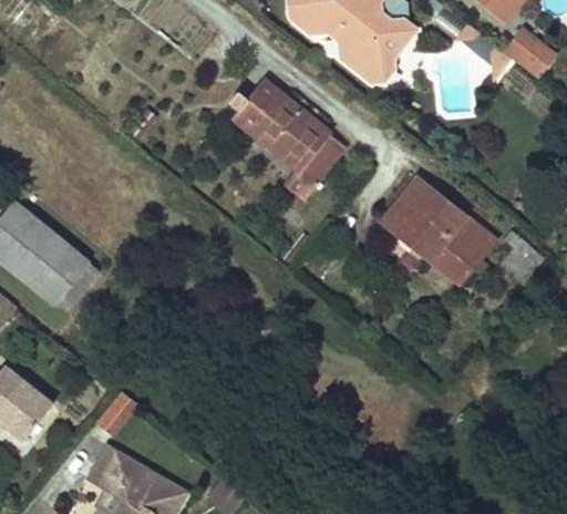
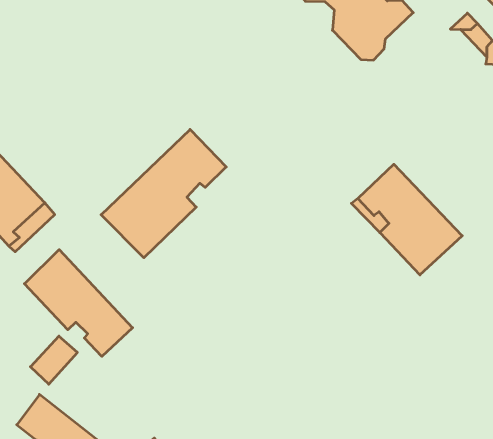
building: [235,81,343,195] -> none
building: none -> [101,129,226,258]
building: none -> [24,250,133,356]

